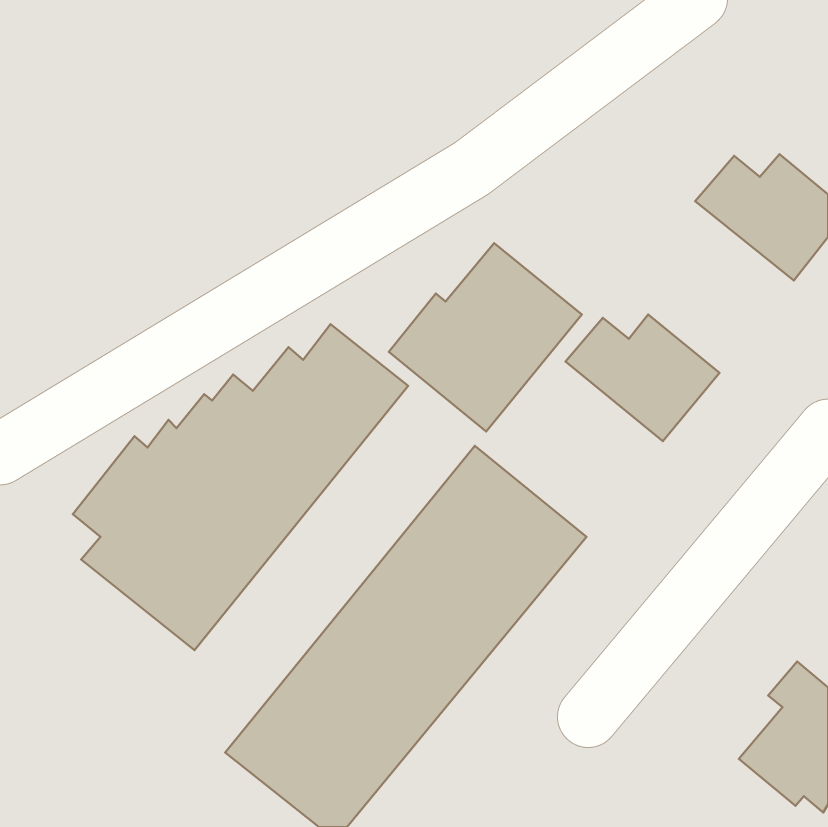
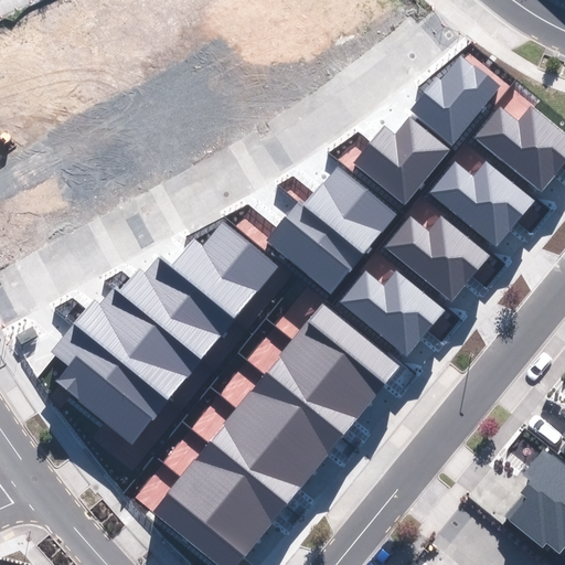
building: none -> [409,55,500,145]
building: none -> [353,116,450,204]
building: none -> [430,160,535,246]
building: none -> [340,269,445,355]

